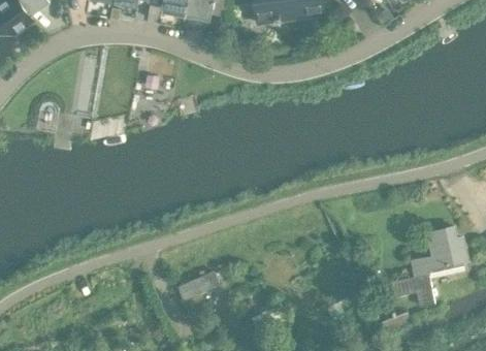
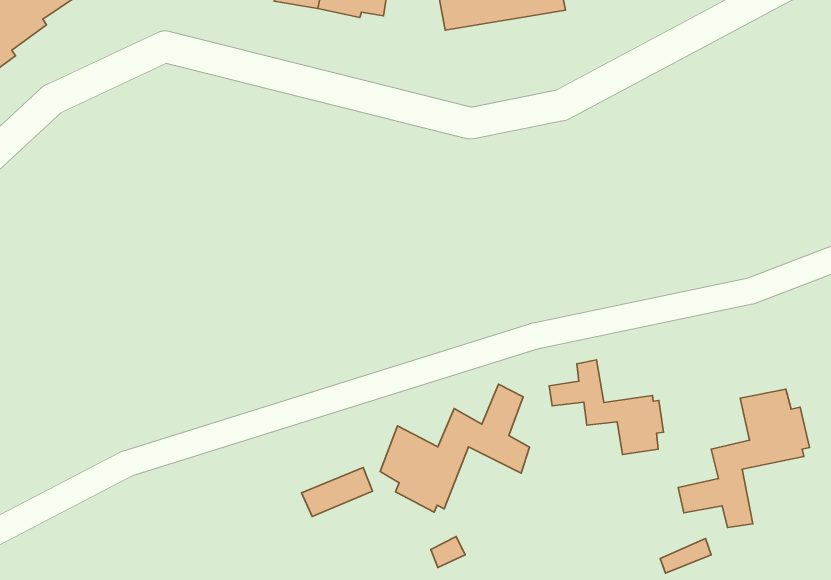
building: none -> [549,360,664,455]
building: none -> [380,384,530,512]

